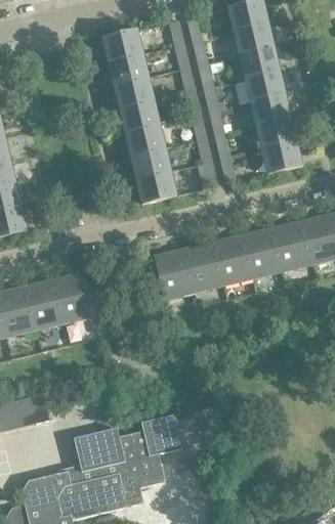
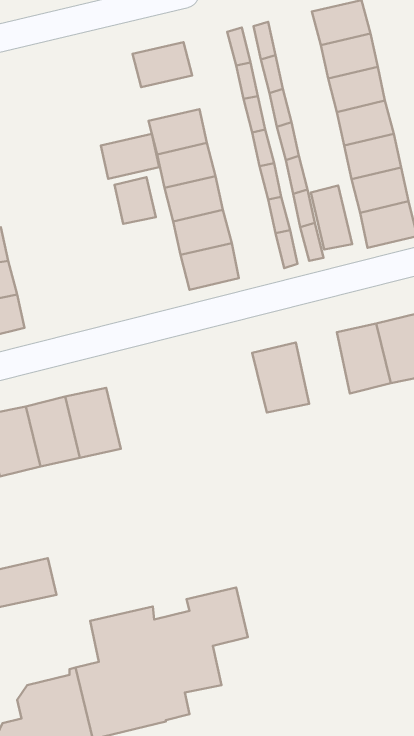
building: [109,54,150,86] -> [101,134,159,179]
building: none -> [115,177,156,224]
building: none -> [311,186,352,249]
building: [217,234,255,285] -> none
building: [155,249,197,299] -> none

